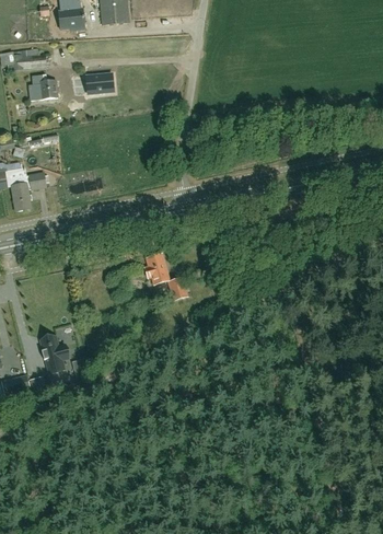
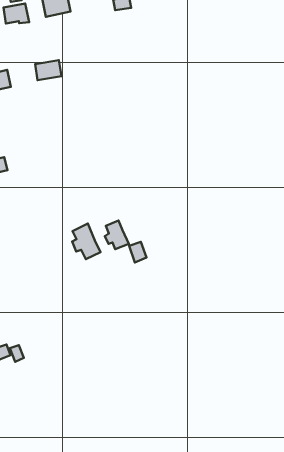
building: none -> [72,223,100,259]
building: [40,335,68,372] -> none

